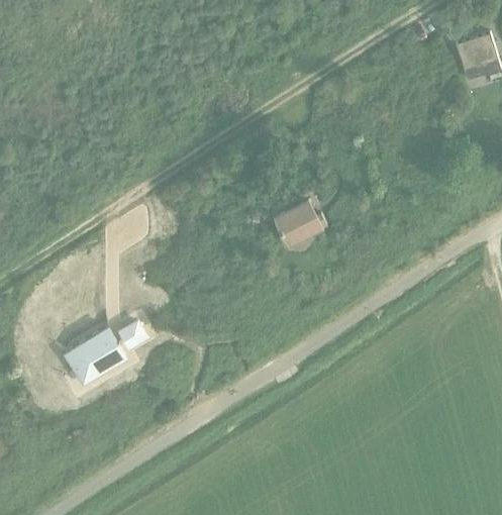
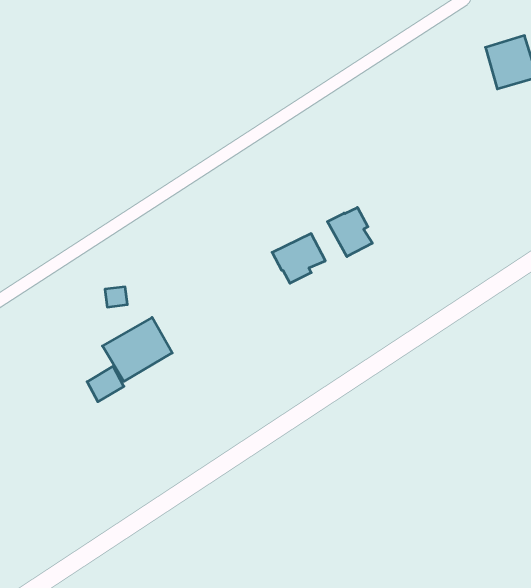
building: none -> [327,207,372,257]
building: [66,327,125,382] -> [102,317,172,381]

